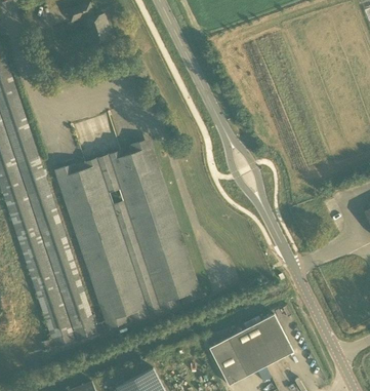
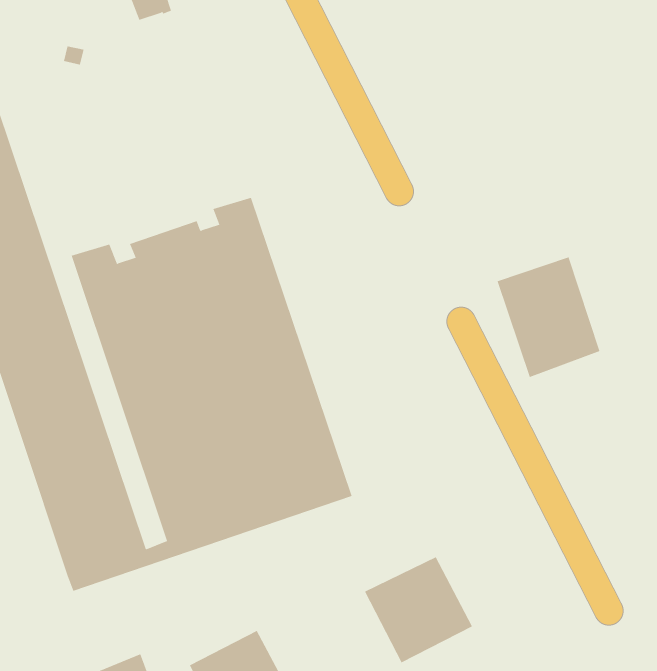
building: none -> [497,257,600,378]
building: [242,314,292,365] -> none

